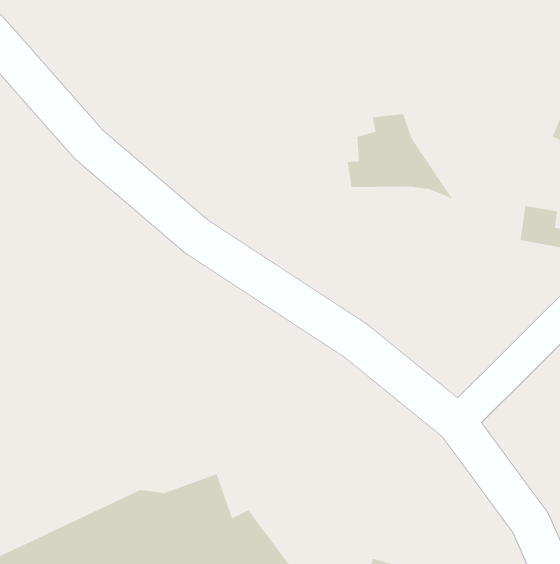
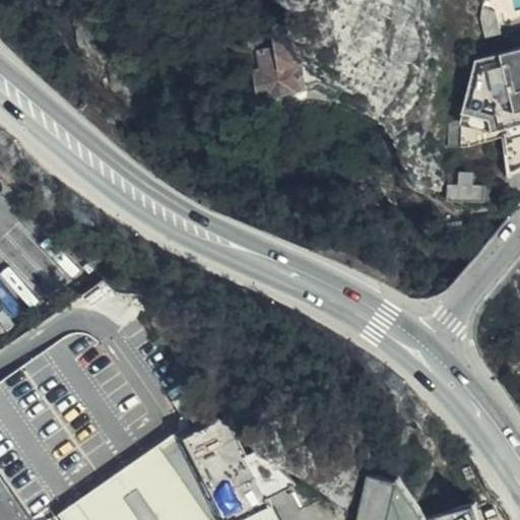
building: [347,114,454,201] -> [250,36,340,101]

